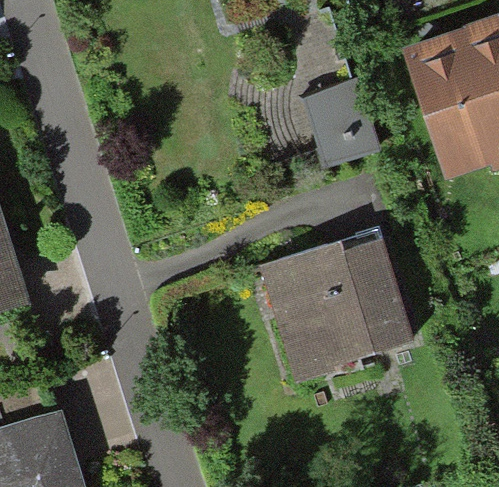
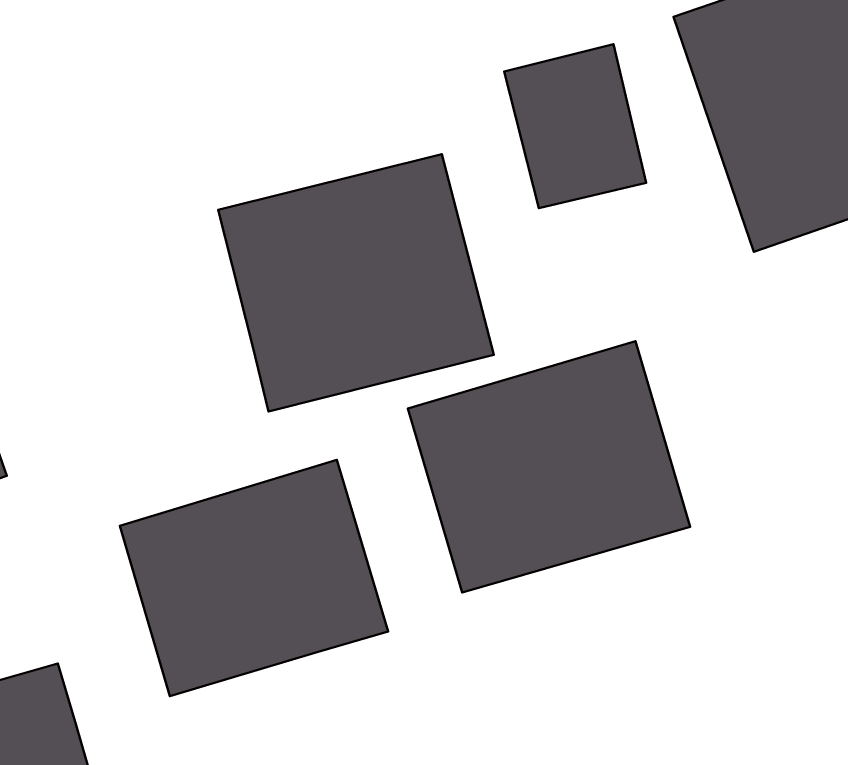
building: none -> [218,154,494,411]
building: none -> [120,460,388,696]

